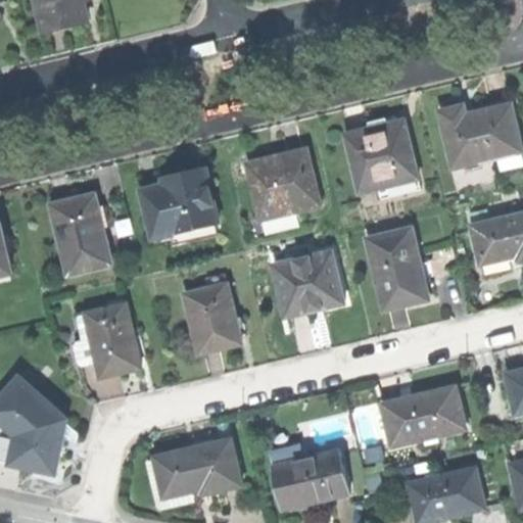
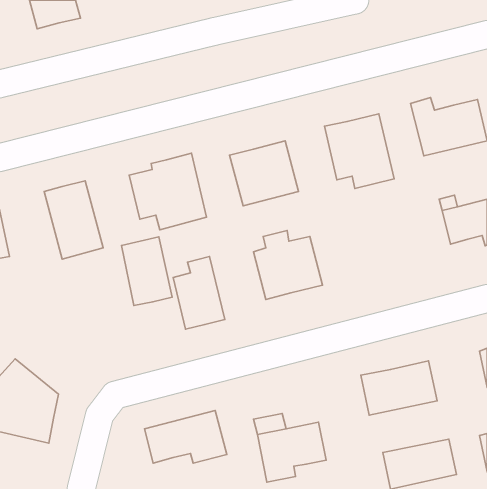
building: [368,226,427,306] -> none
building: [86,302,140,376] -> [121,237,172,306]

